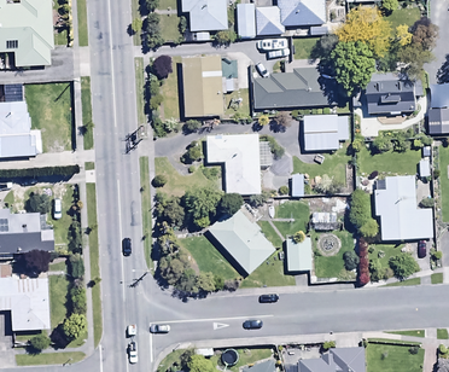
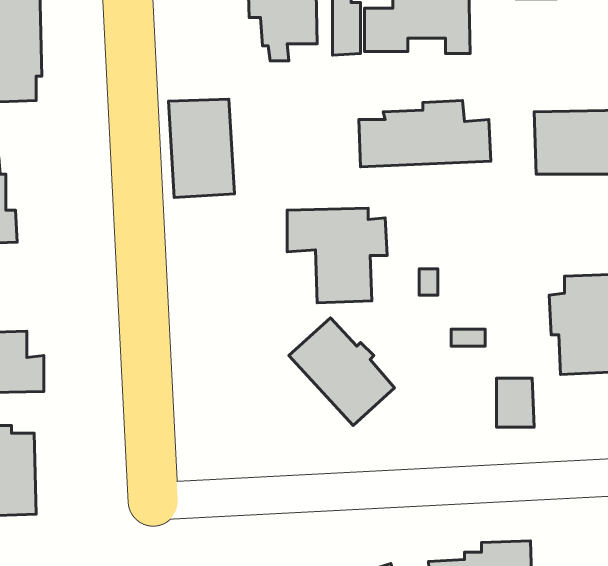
building: [181,56,223,118] -> [169,99,235,198]
building: [303,114,349,150] -> none
building: [287,238,311,269] -> [496,378,534,427]

